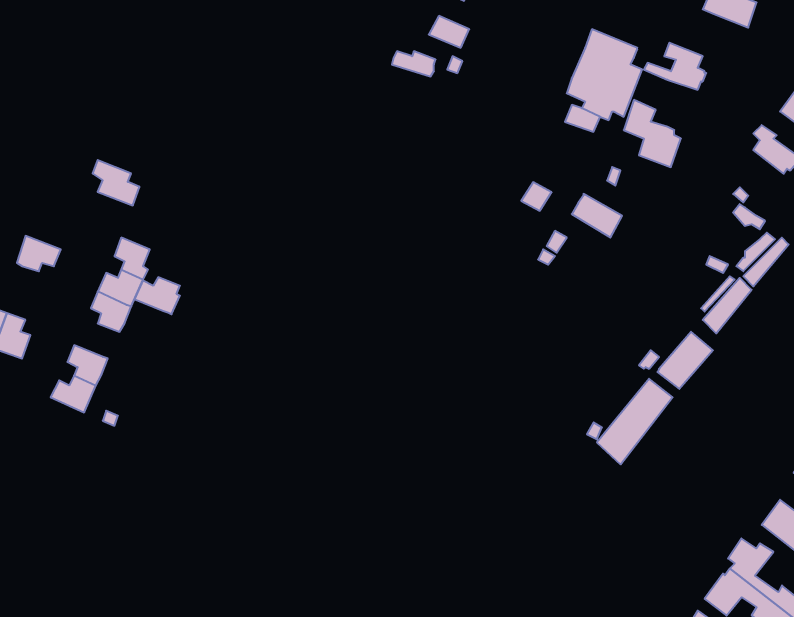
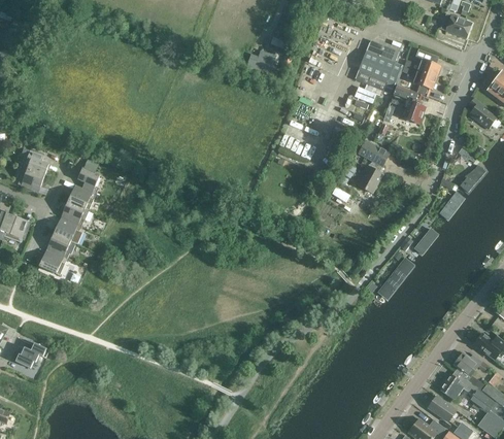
building: none -> [401,64,435,95]
building: [93,160,140,205] -> [20,146,48,174]
building: none -> [356,164,382,193]
building: [135,277,180,314] -> [53,220,80,242]
building: none -> [14,341,48,367]

